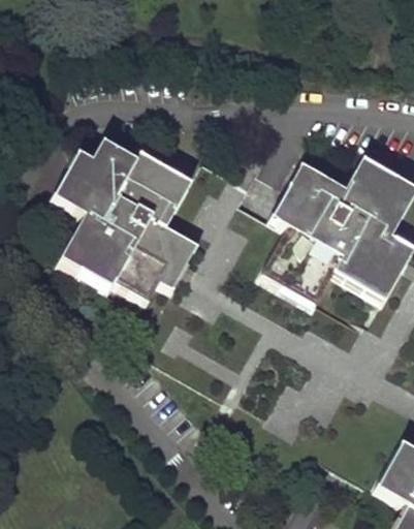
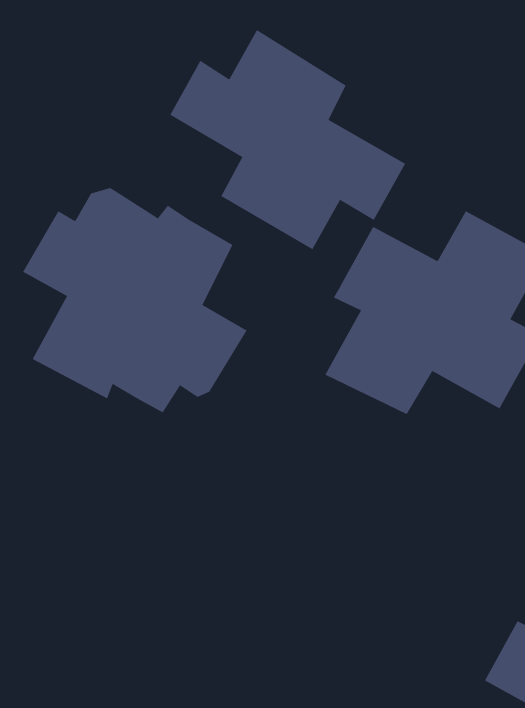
building: none -> [169,29,406,250]

